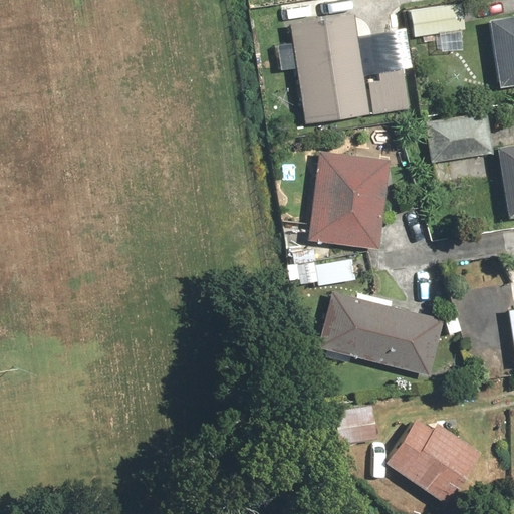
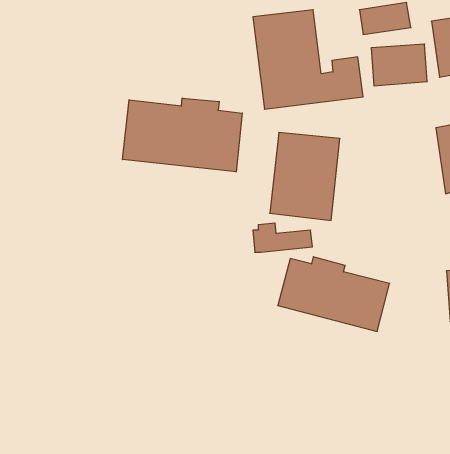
building: none -> [123,98,242,172]
building: [429,115,492,163] -> [371,44,427,86]
building: [387,415,482,505] -> none

